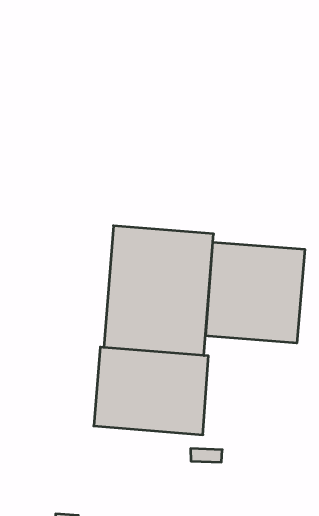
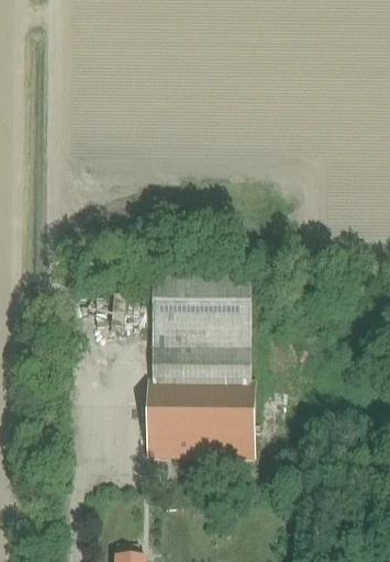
building: [206,242,305,343] -> none

